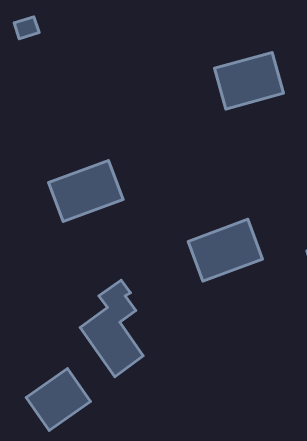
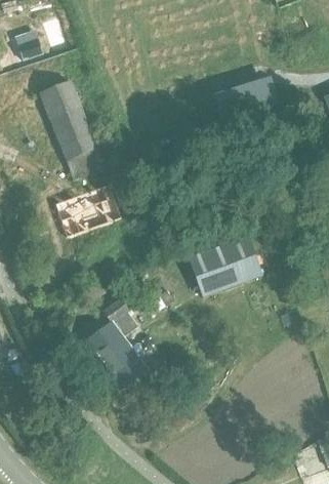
building: none -> [40,80,104,178]
building: [26,369,90,430] -> none

